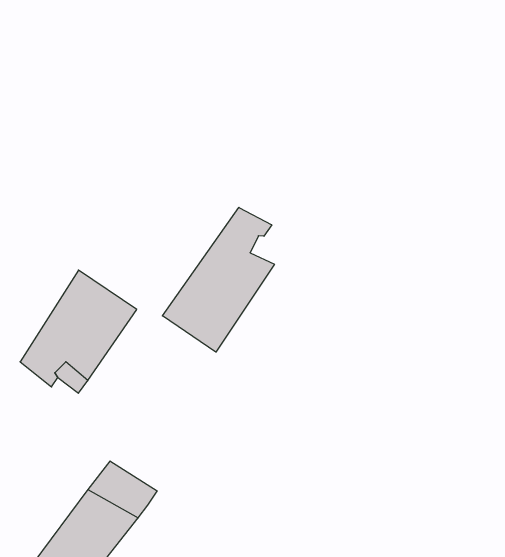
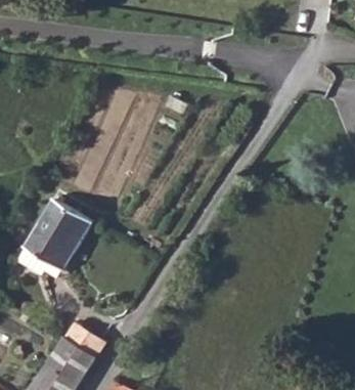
building: [162,207,274,352] -> none

